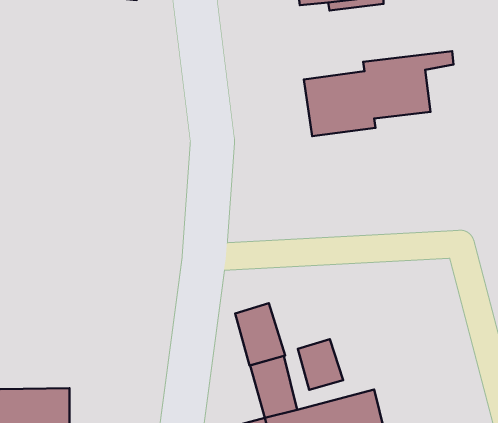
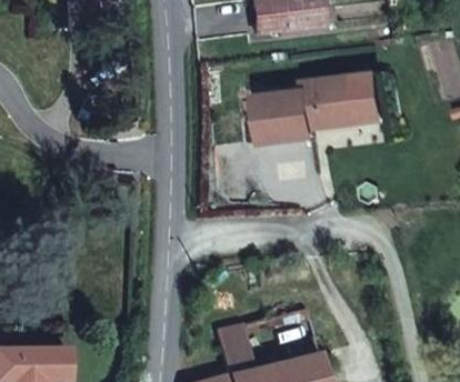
building: [235,303,285,365] -> none
building: [298,339,343,390] -> none

